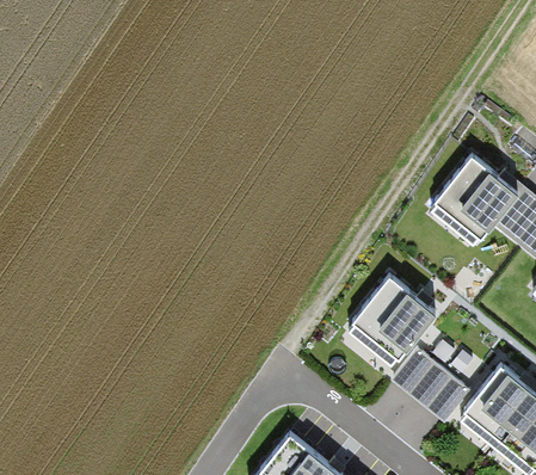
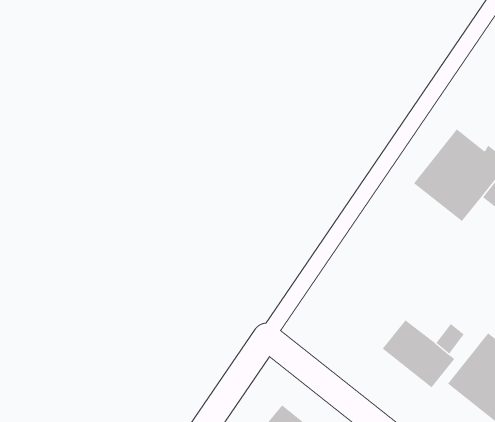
building: [347,273,437,365] -> none

